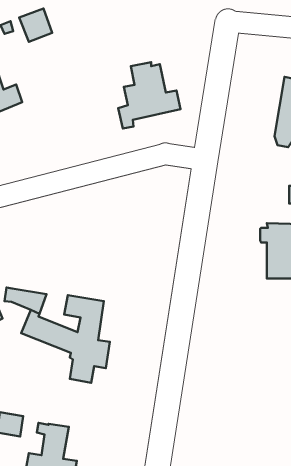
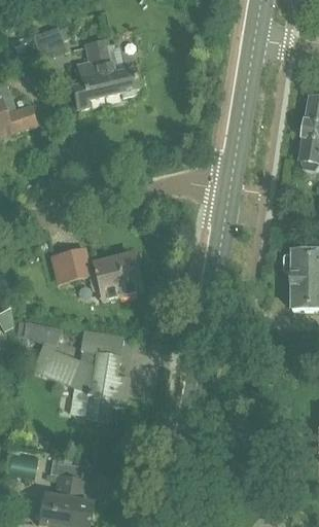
building: [118,62,180,129] -> [70,38,136,108]
building: none -> [54,247,139,298]

